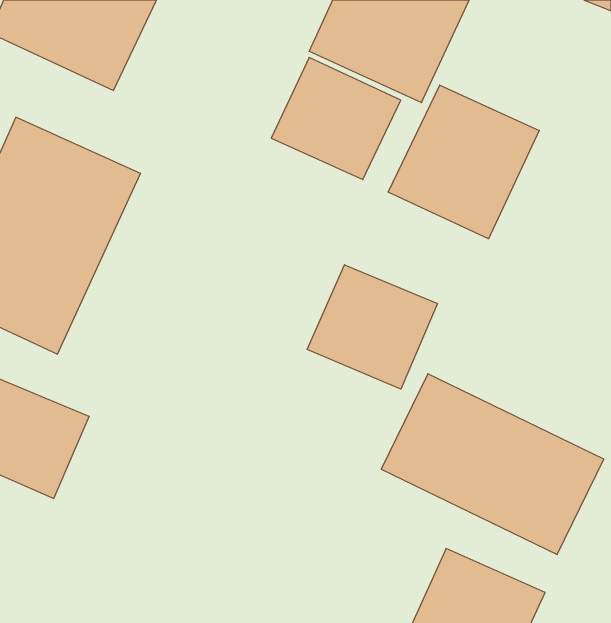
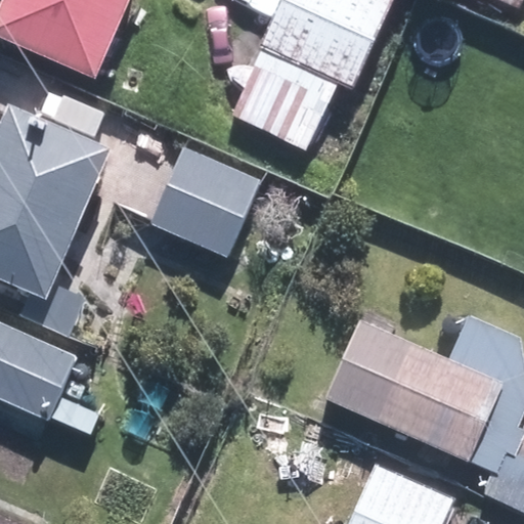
building: [388,85,539,239] -> none
building: none -> [150,146,261,256]
building: [307,265,437,389] -> none

